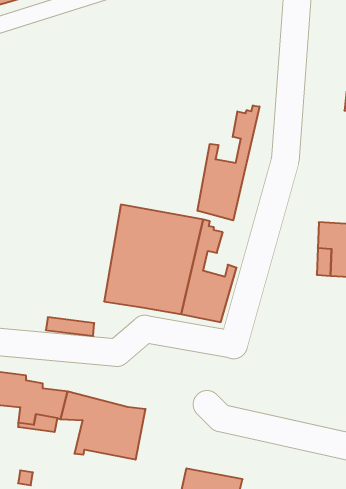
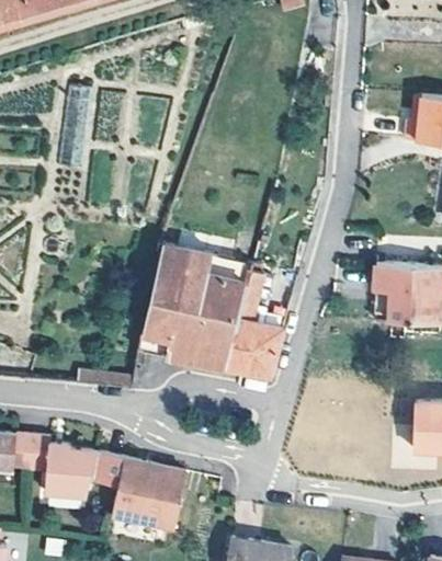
building: none -> [58,83,93,168]
building: [198,105,259,220] -> none

